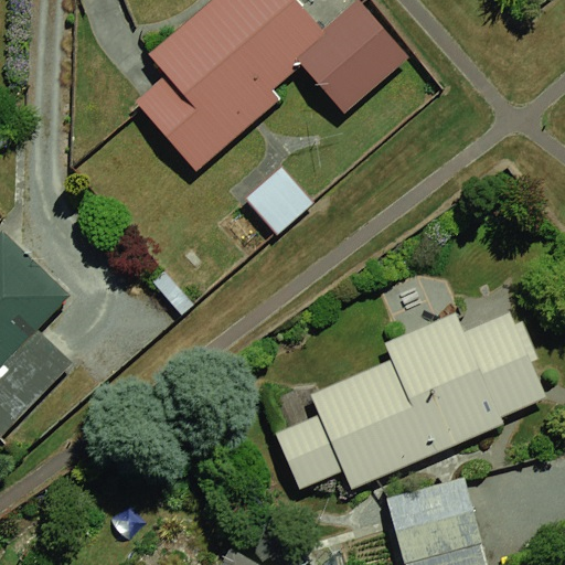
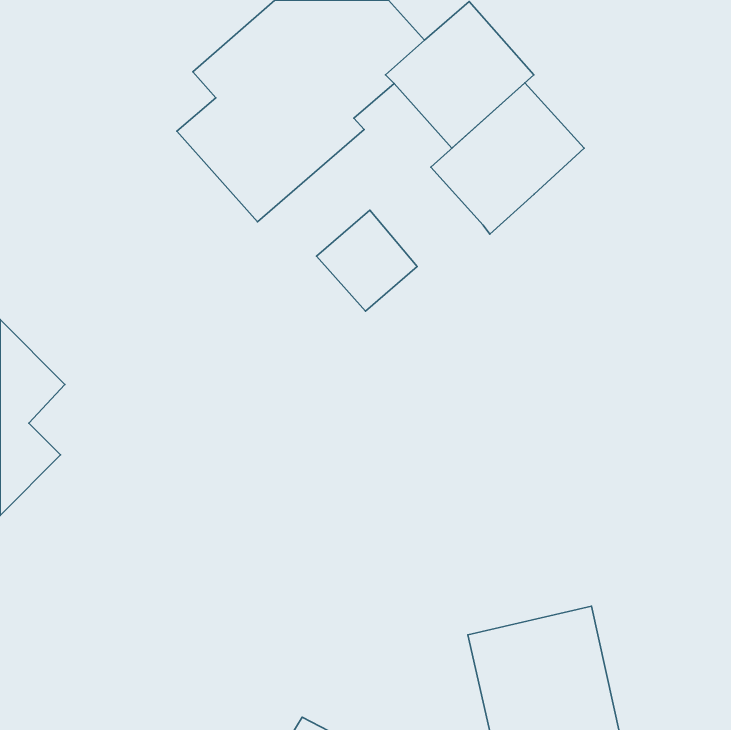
building: none -> [431,83,584,234]
building: [294,311,531,470] -> none

